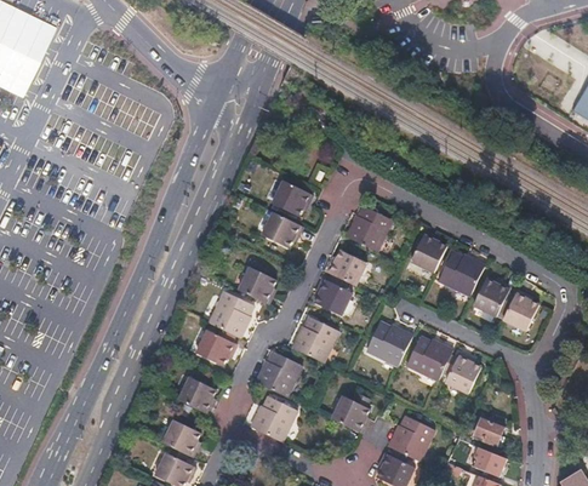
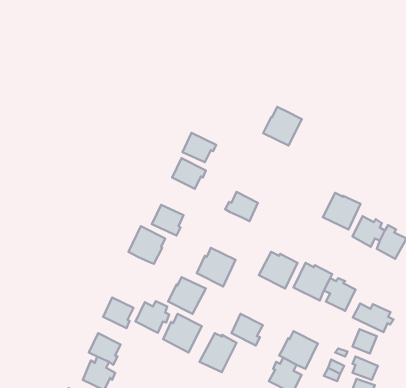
building: [344,206,390,252] -> [263,107,302,146]
building: [411,231,447,271] -> none
building: [313,274,349,314] -> none
building: [195,327,235,365] -> [136,301,169,333]
building: none -> [353,304,393,332]
building: none -> [200,333,237,372]

